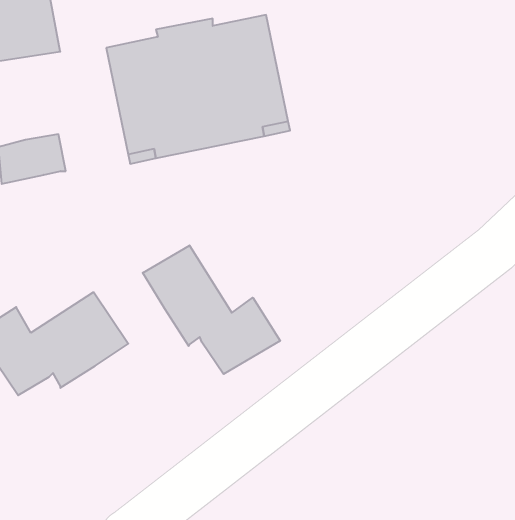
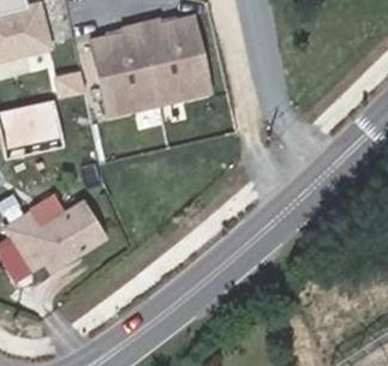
building: [143,245,280,374] -> none

